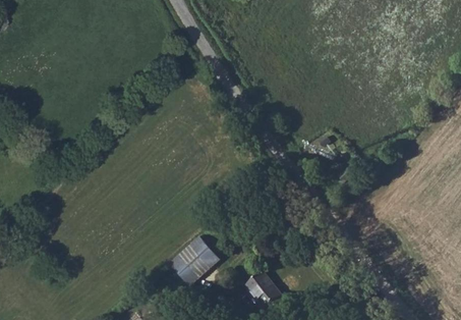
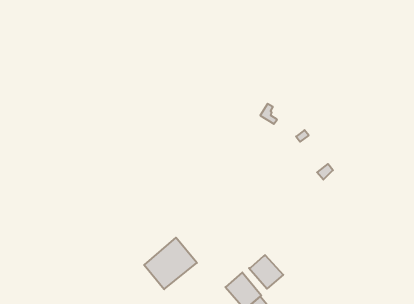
building: none -> [249,255,283,289]

